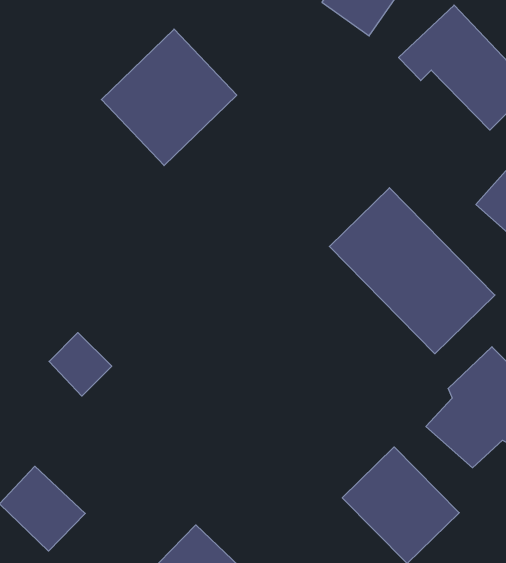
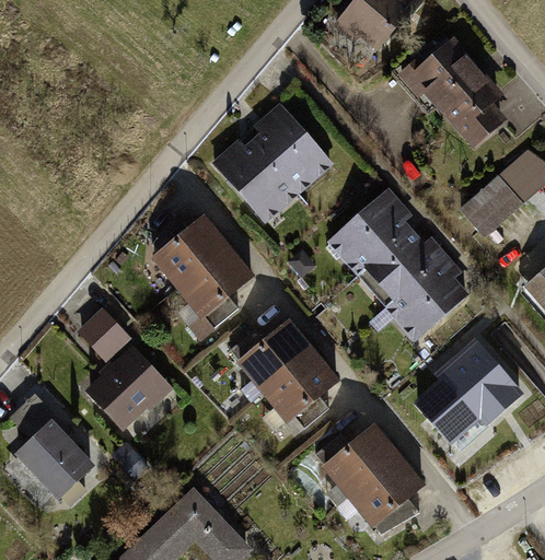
building: [101,29,237,166] -> [211,103,333,224]
building: none -> [156,218,256,320]
building: none -> [242,322,340,423]
building: none -> [79,341,170,431]

